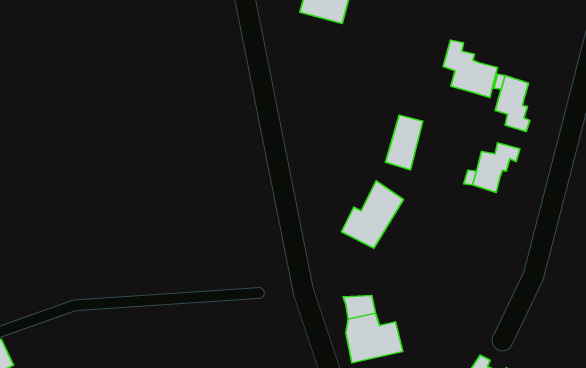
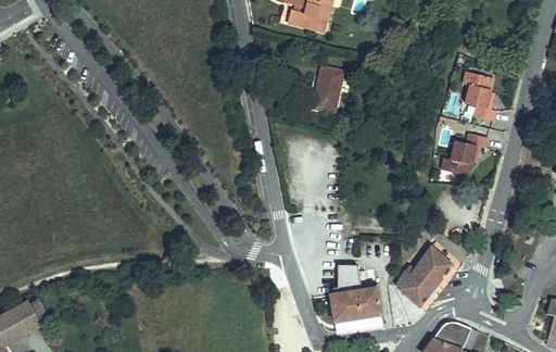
building: [443,40,497,97] -> none
building: [386,115,423,170] -> [314,64,346,112]
building: [341,181,404,248] -> [394,243,448,302]

